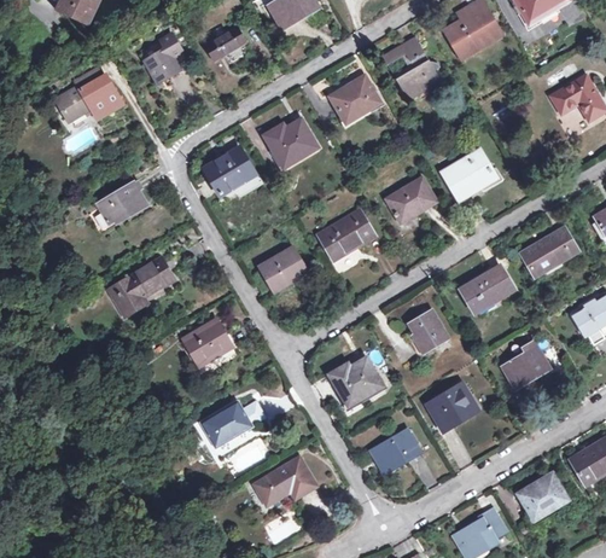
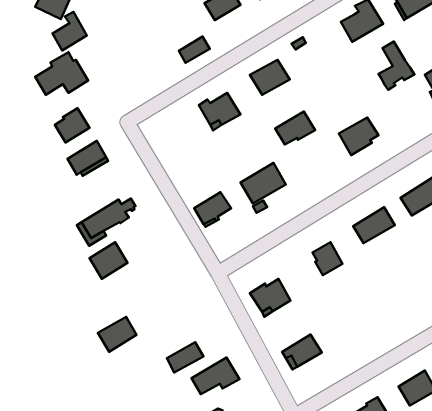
building: [206,27,246,60] -> [179,37,210,63]
building: [146,34,190,83] -> [53,12,87,51]
building: [396,37,442,99] -> [379,42,415,90]
building: none -> [55,108,90,143]
building: [204,149,255,196] -> none
building: [386,178,437,220] -> [275,111,315,144]
building: [183,319,232,366] -> [90,242,127,279]
building: [507,341,549,386] -> none
building: [427,384,478,431] -> none
building: [202,402,251,447] -> [98,317,137,352]

